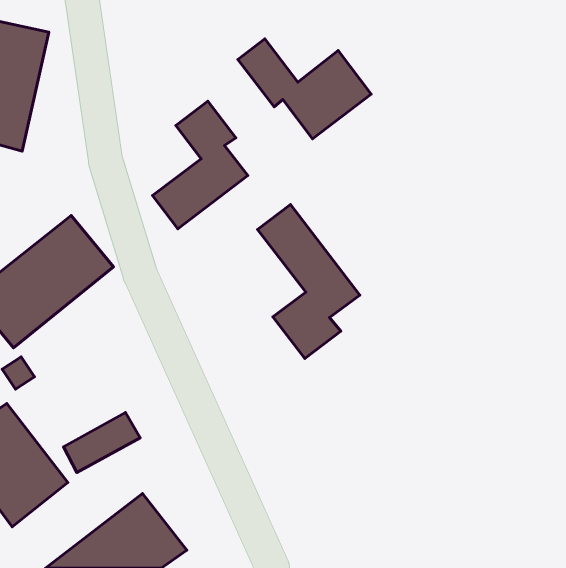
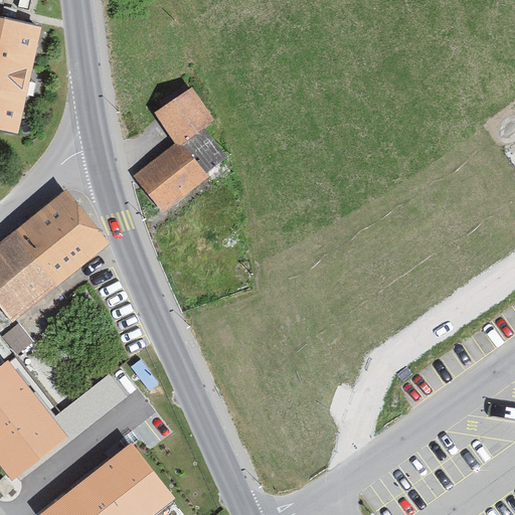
building: [238,39,371,139] -> none
building: [258,204,360,359] -> none

